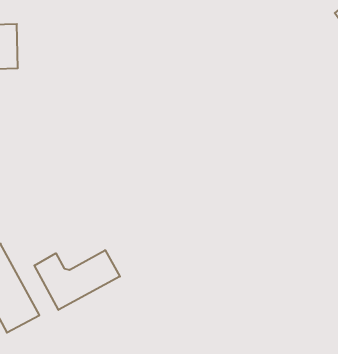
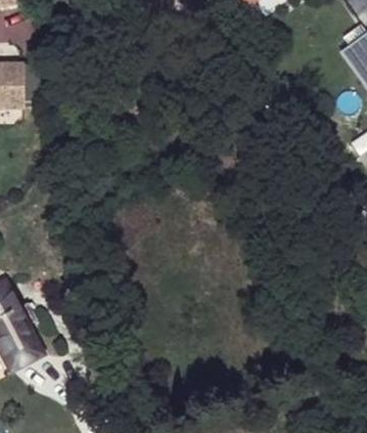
building: [34,250,120,310] -> none

